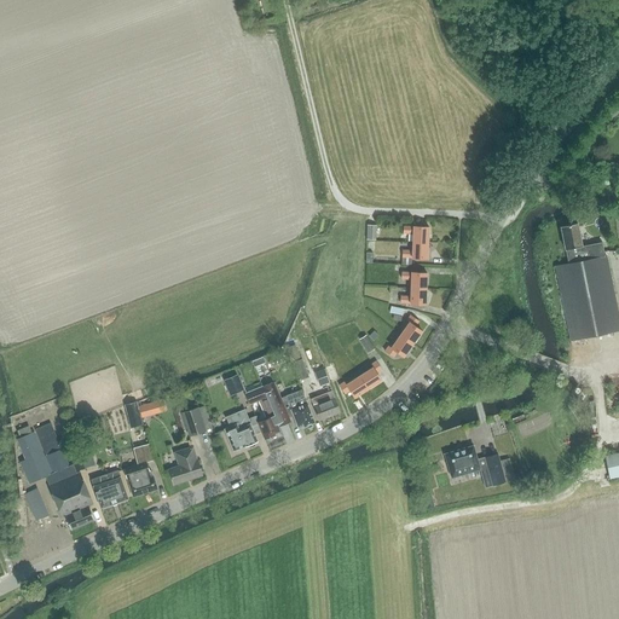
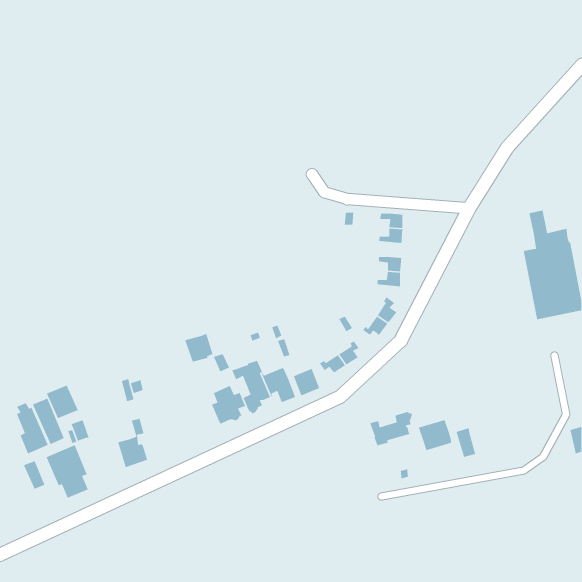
building: [180,405,212,436] -> [184,333,214,363]
building: none -> [46,384,79,419]
building: none -> [369,411,412,446]
building: [169,446,202,484] -> none
building: [91,468,128,508] -> none

